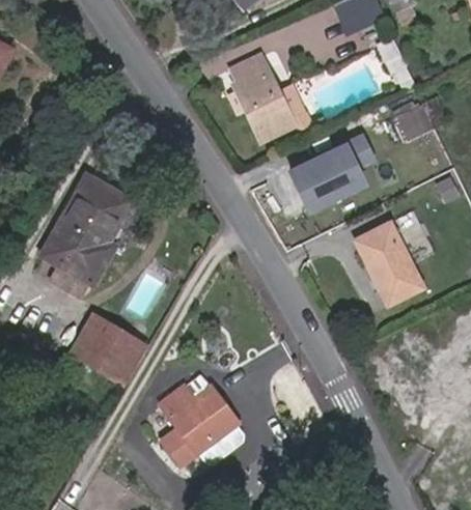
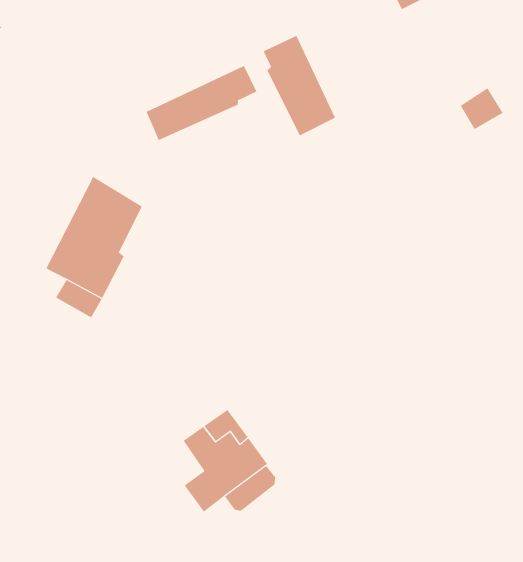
building: none -> [146,65,257,141]
building: [292,136,372,210] -> none
building: [356,223,420,301] -> none
building: [71,313,148,382] -> none

